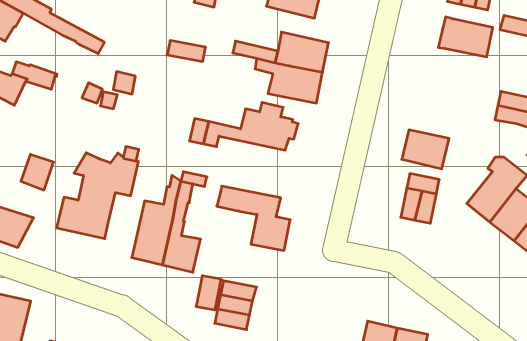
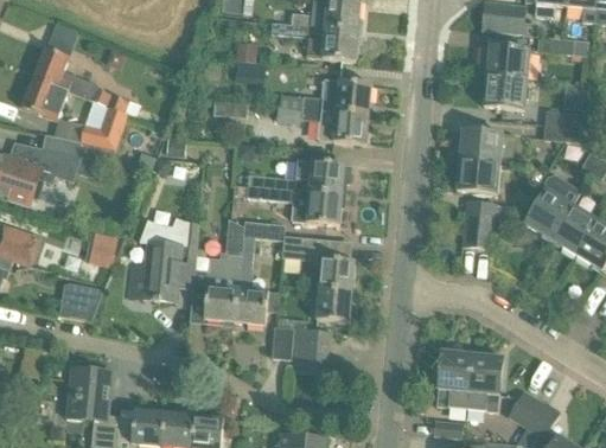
building: none -> [82,107,127,148]
building: none -> [484,75,528,109]
building: none -> [460,129,503,162]
building: none -> [274,187,342,224]
building: none -> [317,289,352,322]

